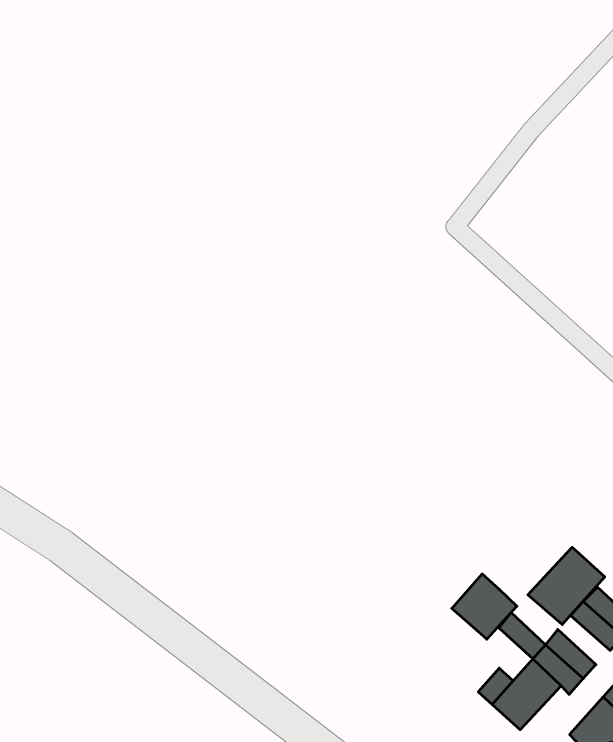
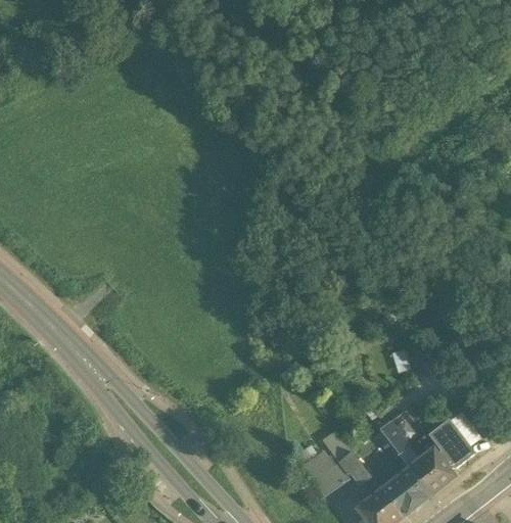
building: [528,547,605,625] -> none
building: [452,574,517,639] -> none

